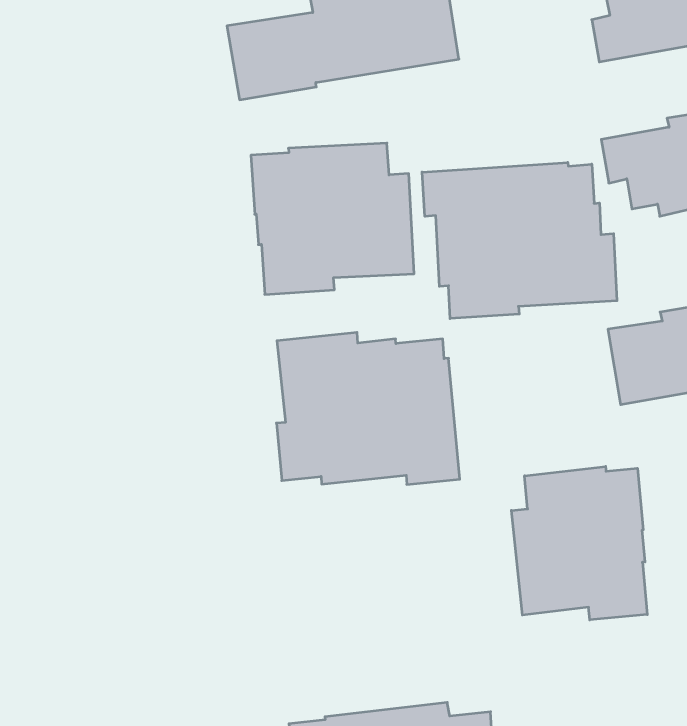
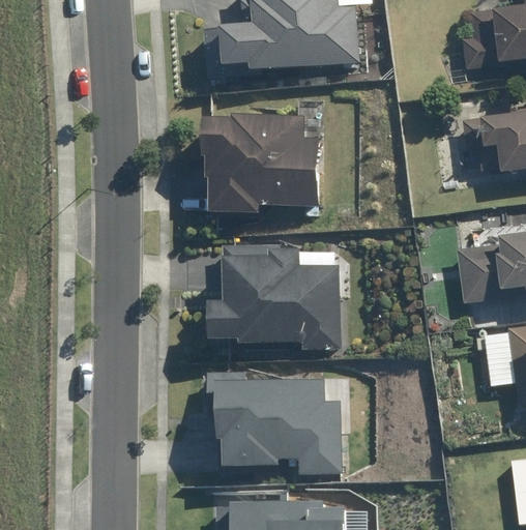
building: [422,162,617,319] -> none
building: [511,466,647,620] -> none
building: none -> [209,371,342,472]

